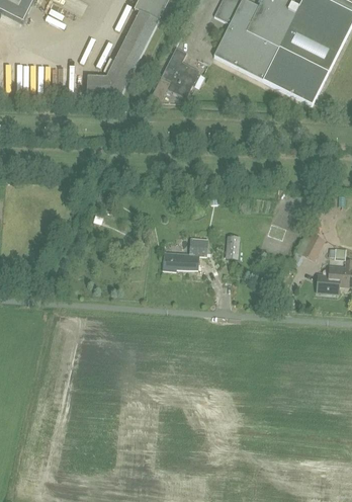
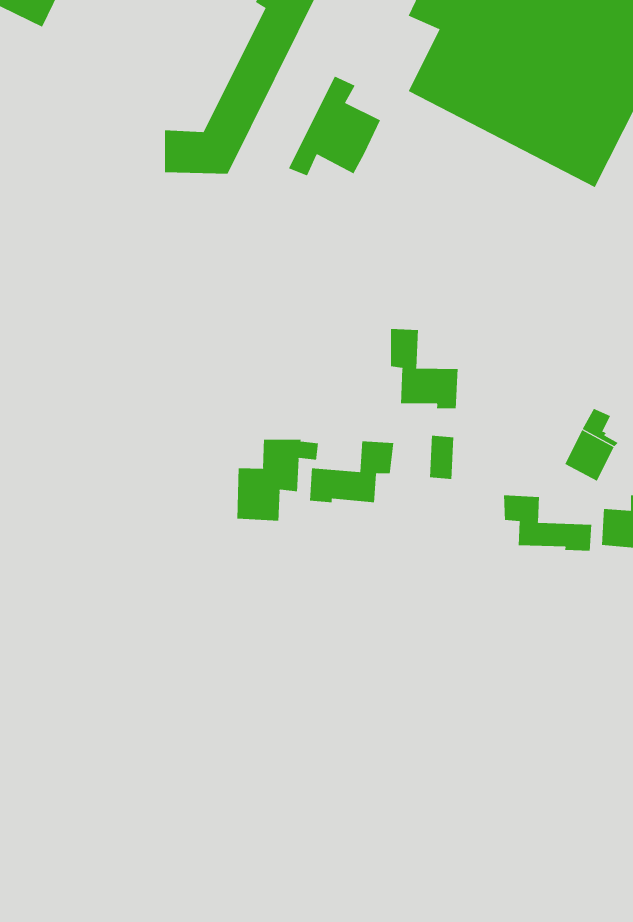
building: none -> [390,328,458,409]
building: none -> [237,439,319,522]
building: none -> [503,495,592,551]

